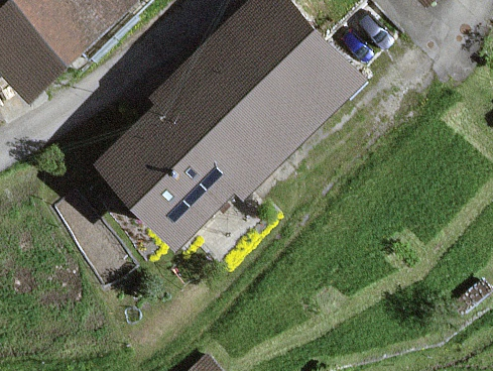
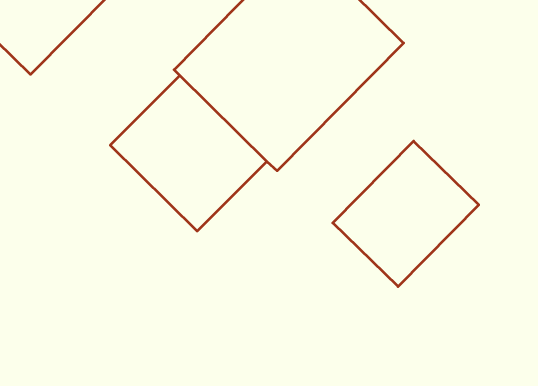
building: none -> [333,141,479,287]

